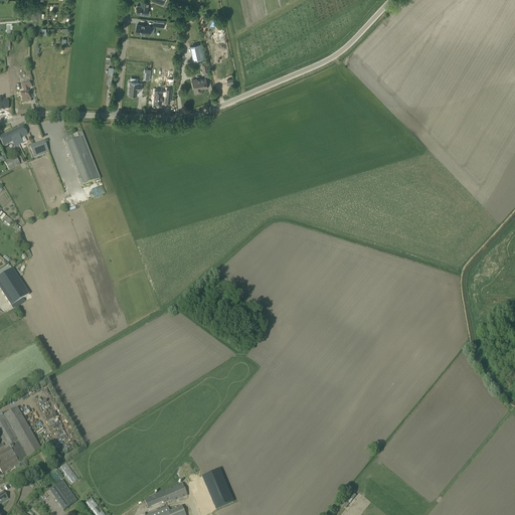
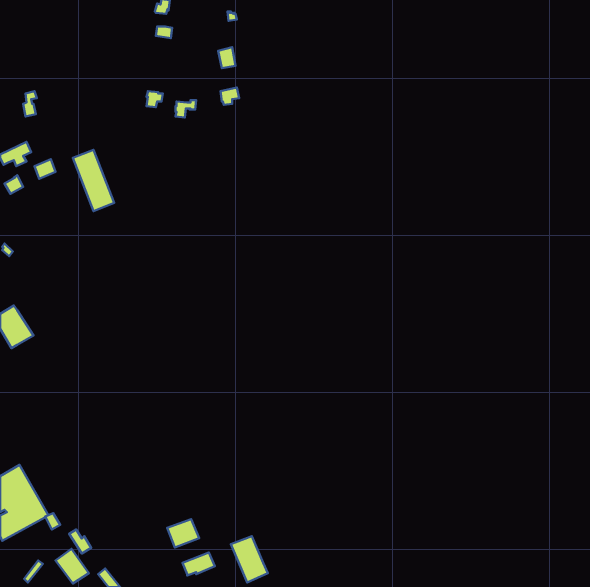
building: none -> [167,519,199,548]

